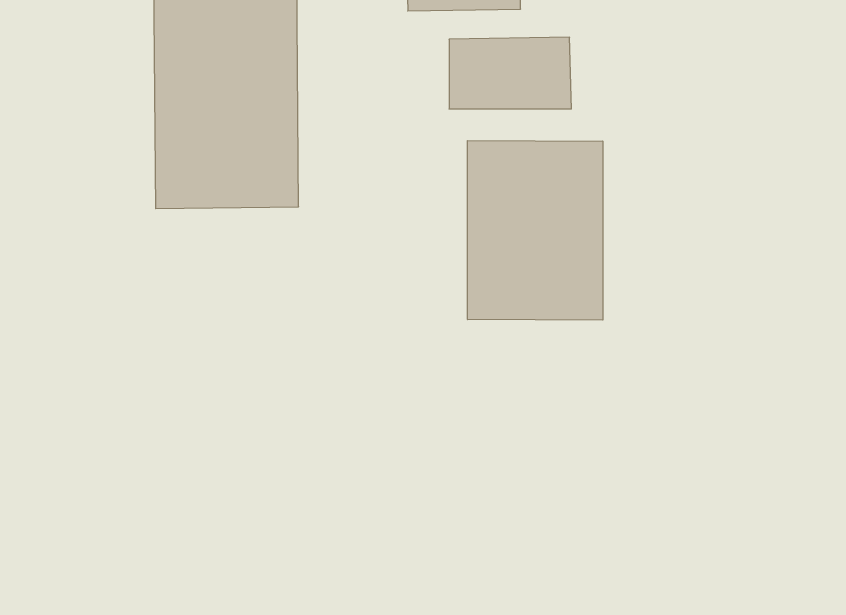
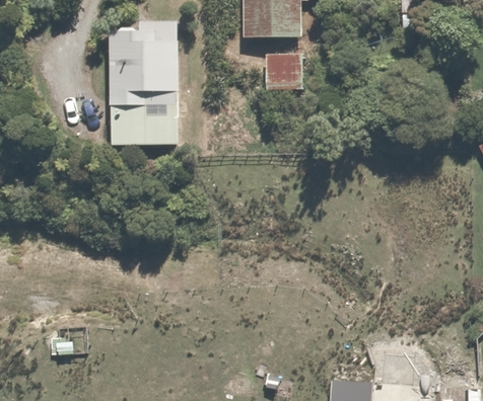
building: [468,141,603,320] -> none

